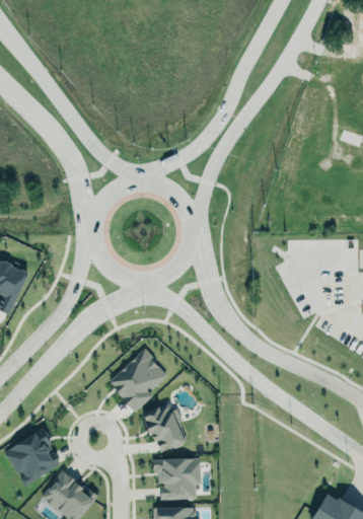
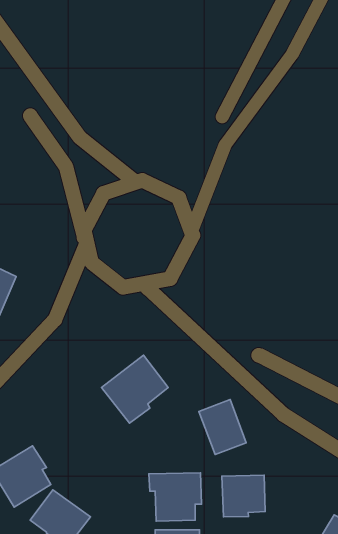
building: [144,402,189,454] -> [199,400,246,455]
building: none -> [222,475,265,517]

